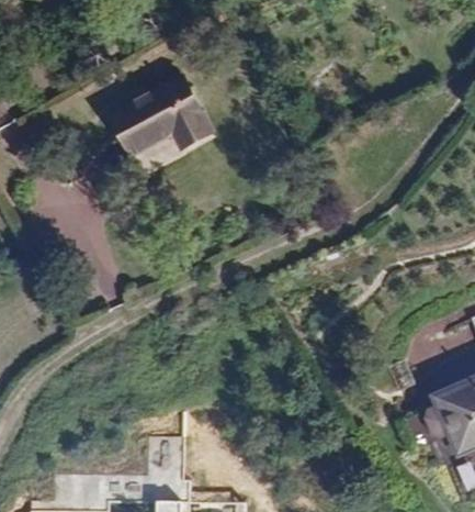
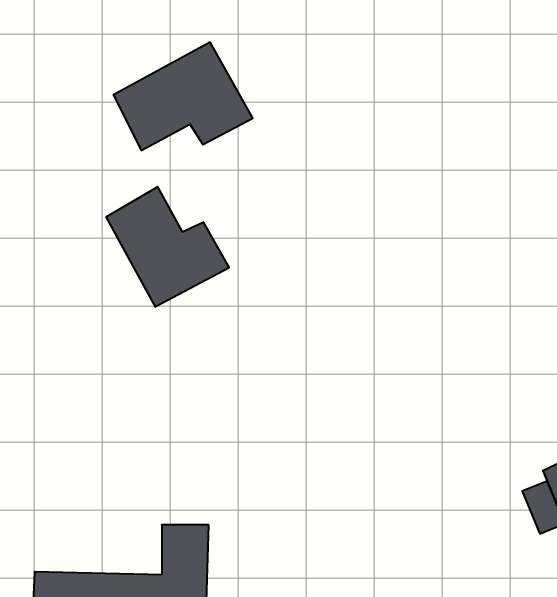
building: none -> [106,187,229,307]

